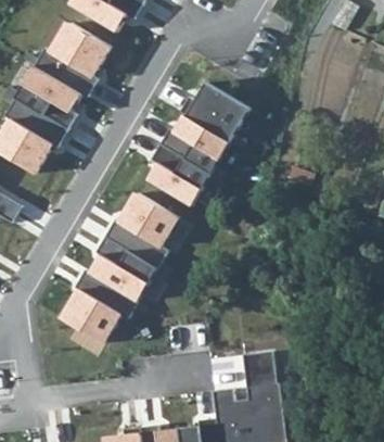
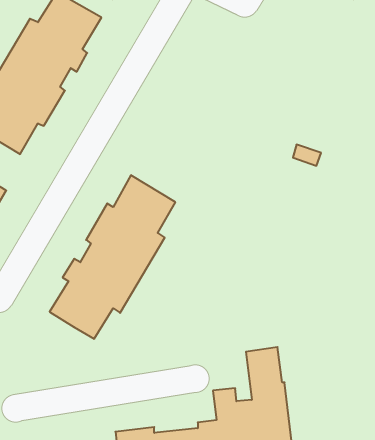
building: [146,84,247,206] -> none

